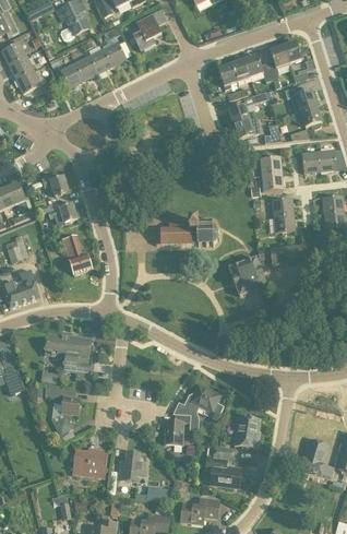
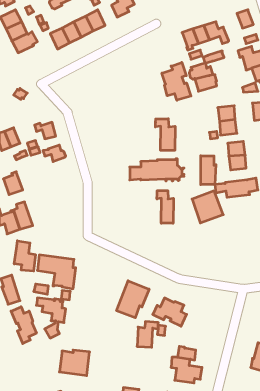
building: [266,45,289,87] -> none
building: none -> [162,62,191,100]
building: none -> [155,119,175,150]
building: none -> [201,156,216,185]
building: [68,240,91,274] -> none
building: none -> [157,191,173,223]
building: none -> [14,241,35,271]
building: none -> [117,281,149,318]
building: none -> [11,307,36,344]
building: [232,415,259,447] -> none
building: [118,451,144,480] -> none

